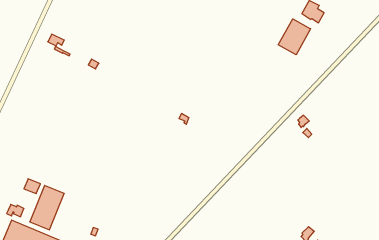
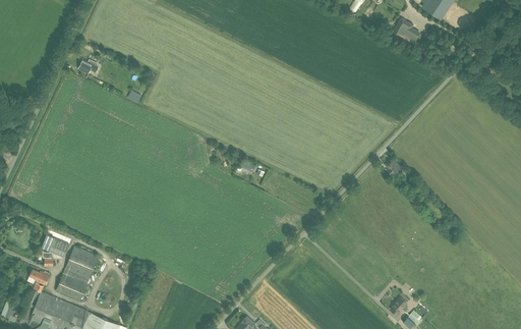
building: [278,19,311,55] -> none

